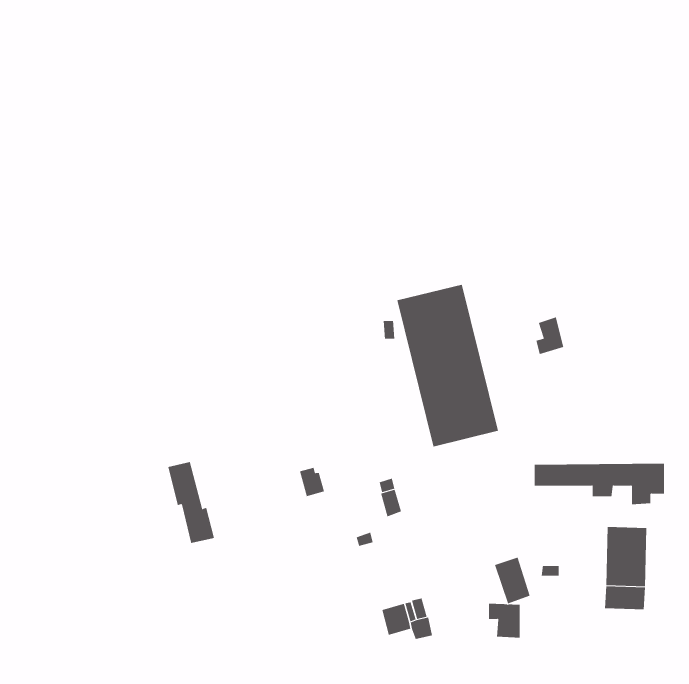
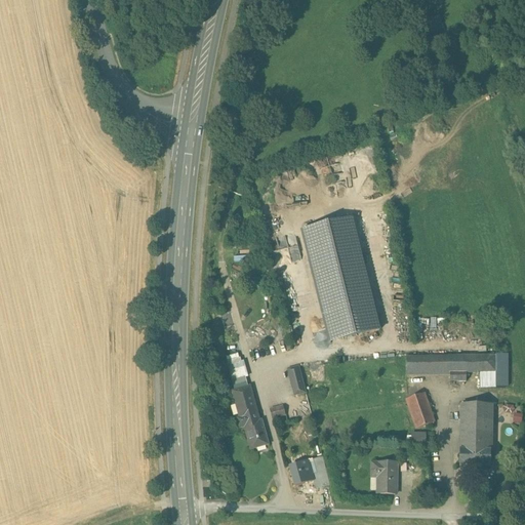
building: [536,317,564,355] -> none
building: [168,461,215,544] -> [233,385,269,447]
building: [494,557,530,604] -> [406,391,434,427]

